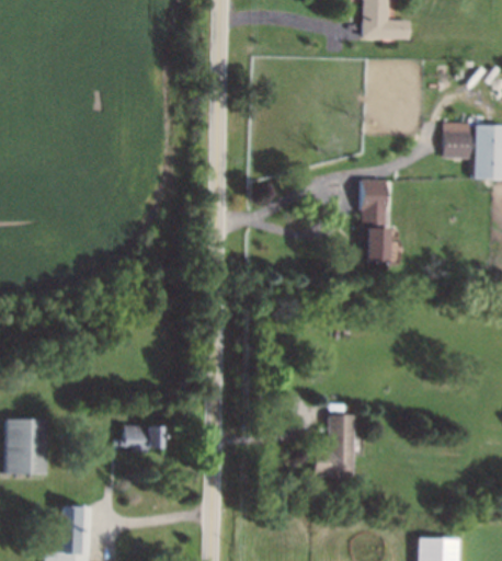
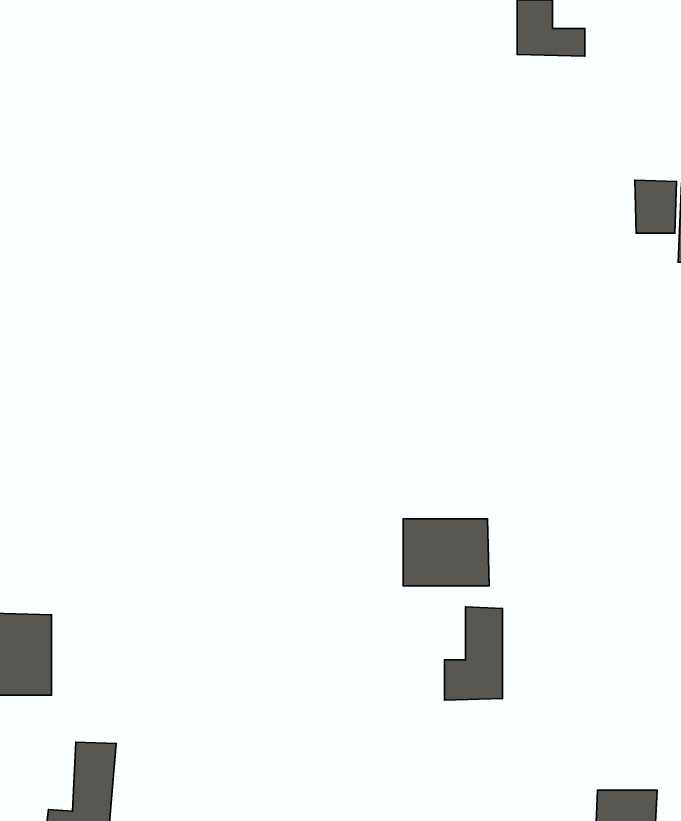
building: [361,179,390,261] -> none
building: none -> [403,519,489,586]
building: [123,424,161,453] -> none

